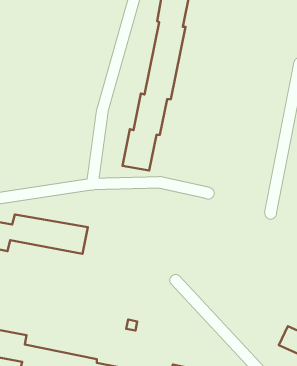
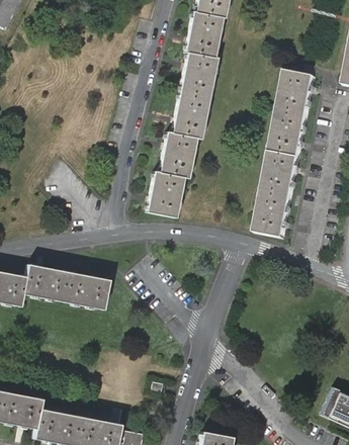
building: none -> [254,64,316,238]

